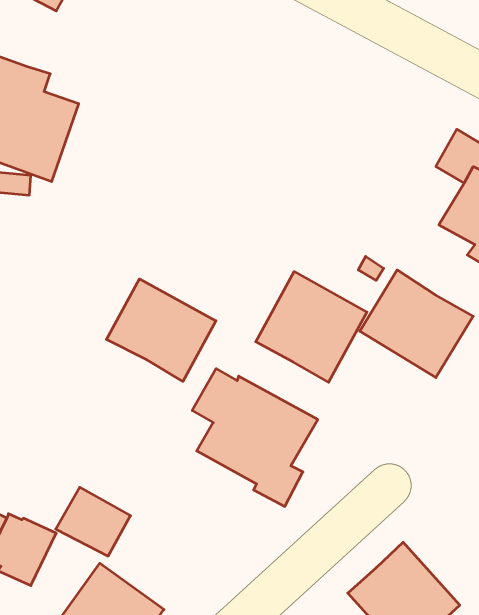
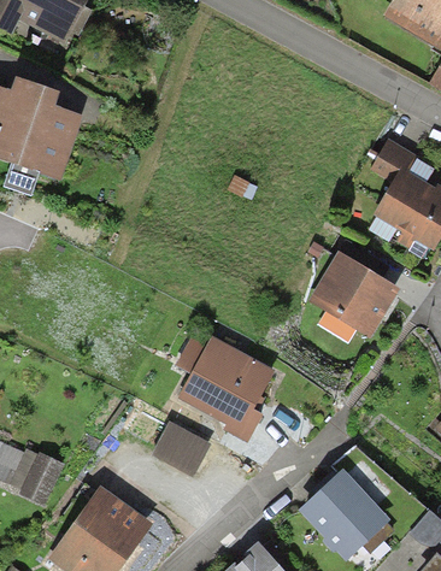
building: [256,272,367,382] -> none
building: [106,279,216,381] -> none
building: [56,487,131,556] -> [151,420,211,476]

